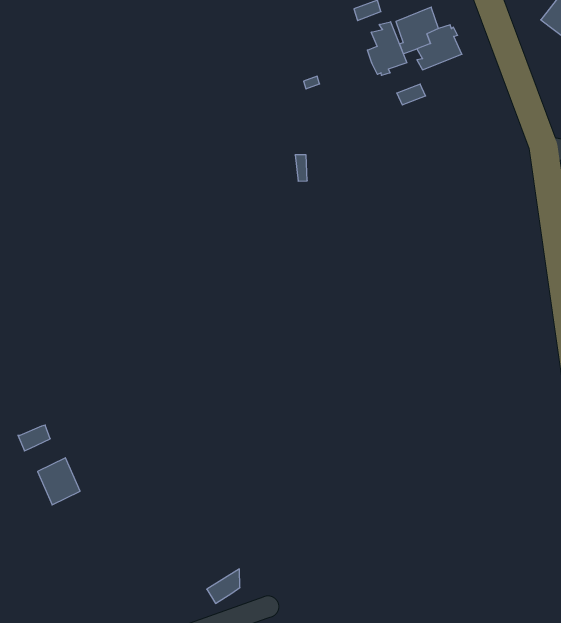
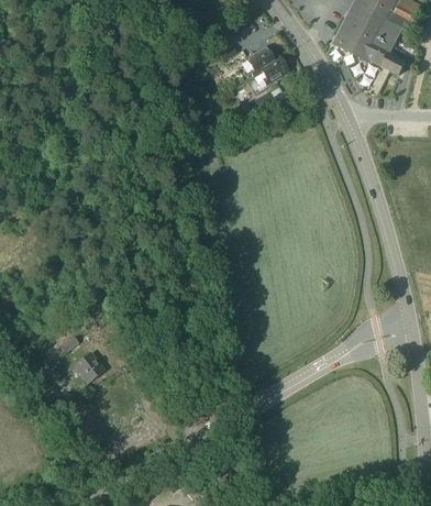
building: [367,22,407,75] -> none

